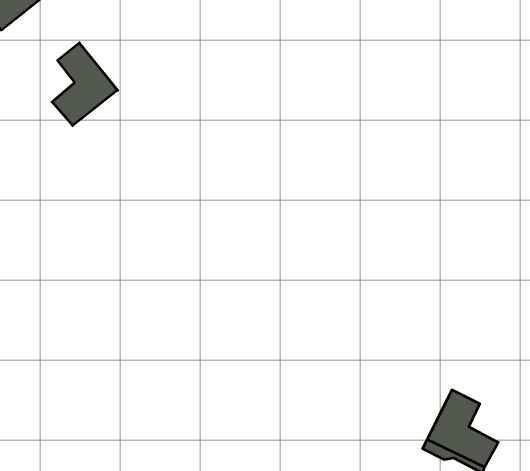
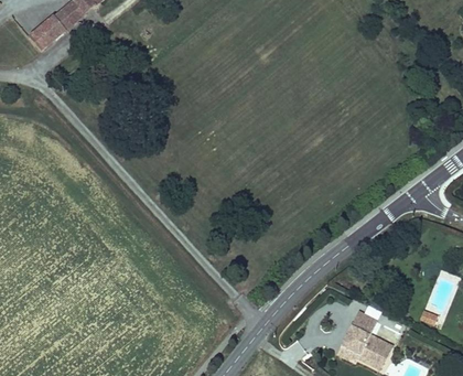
building: [52,43,118,126] -> none

